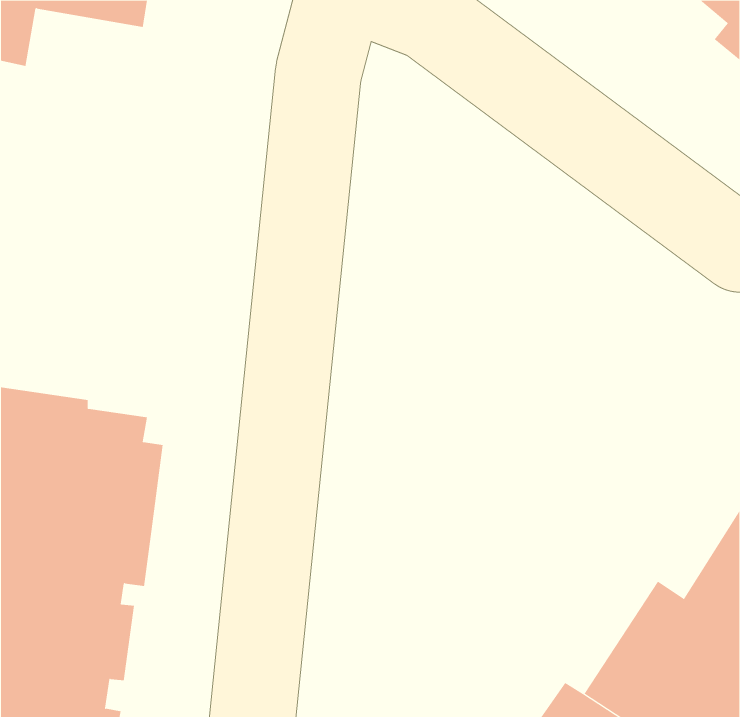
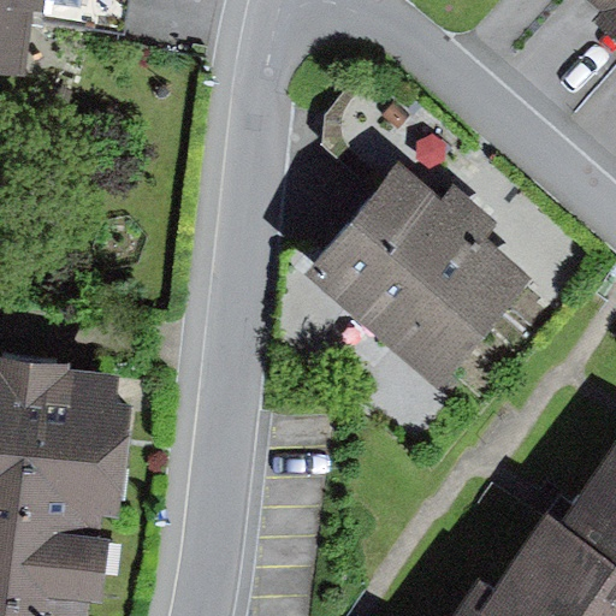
building: none -> [308,161,526,375]

